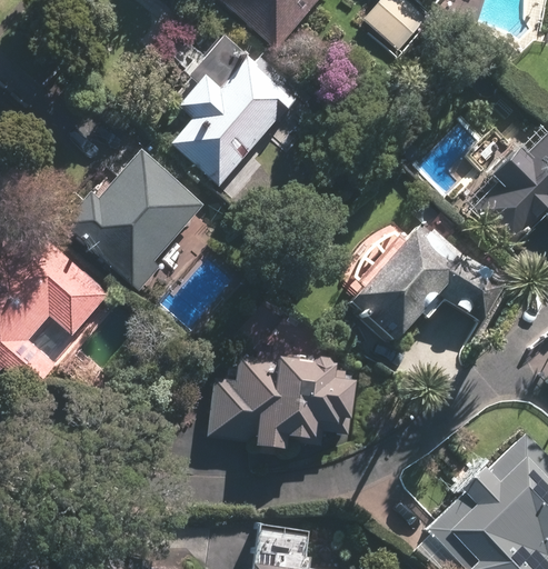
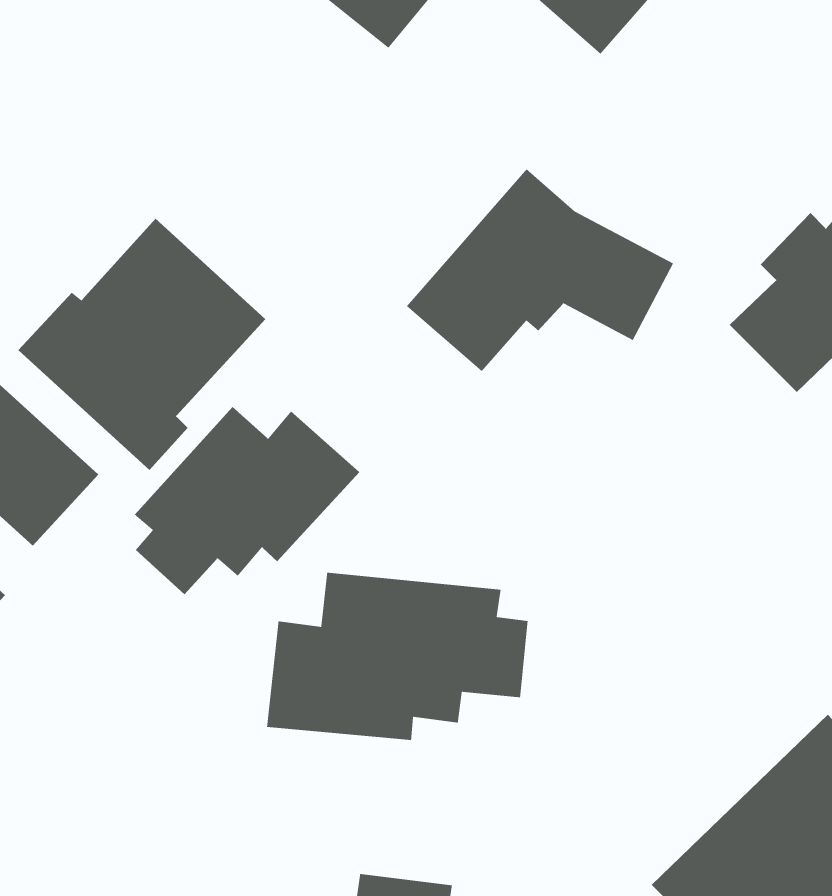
building: [170,34,297,208] -> none
building: [352,224,506,341] -> [406,168,674,372]
building: none -> [134,406,360,595]

